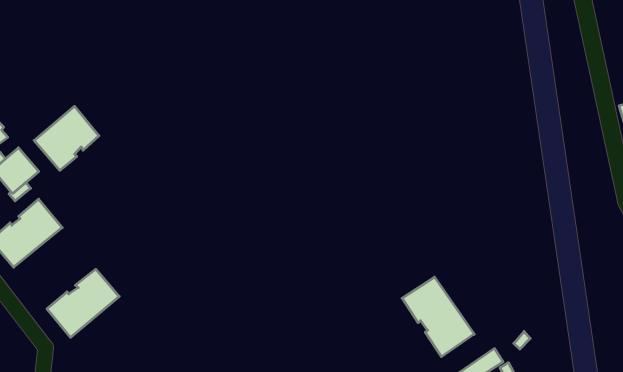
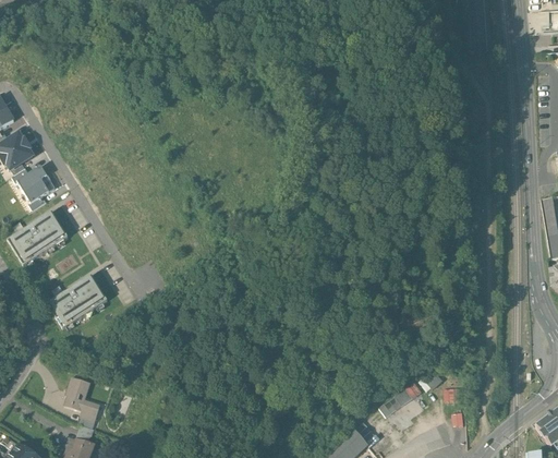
building: [34,106,99,170] -> none
building: [402,277,474,357] -> none

